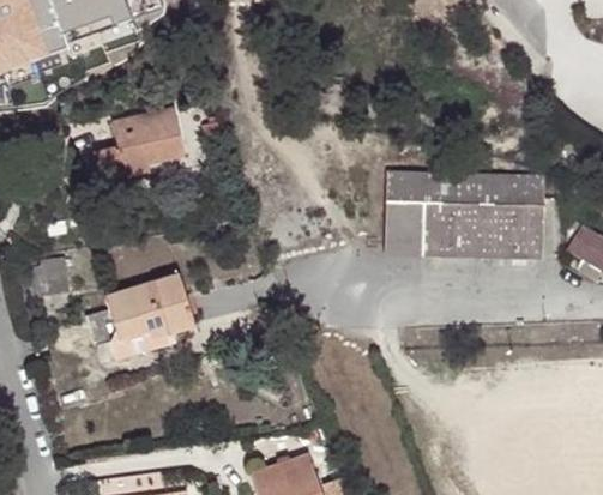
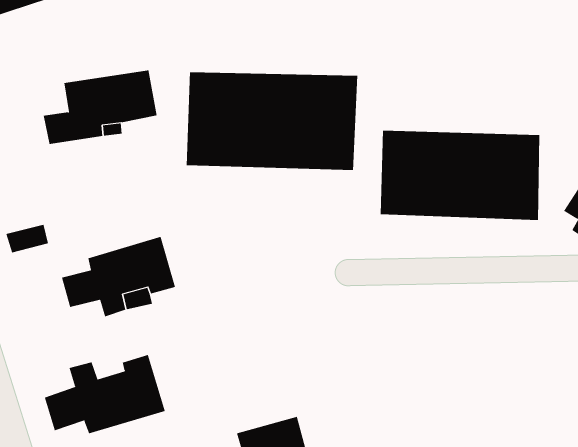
building: none -> [186,71,358,171]
building: none -> [44,354,166,434]

